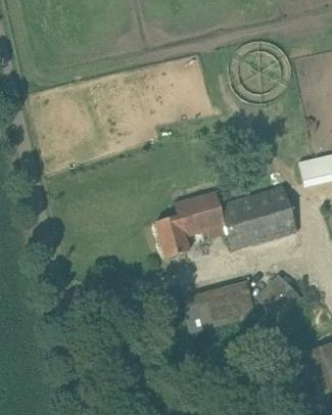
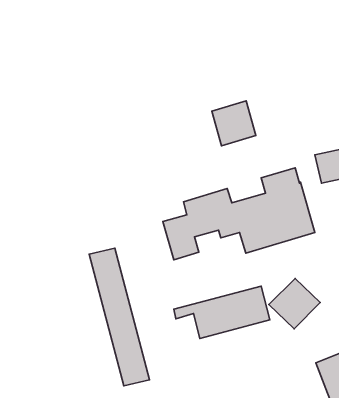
building: none -> [212,101,256,146]
building: none -> [89,248,149,386]

